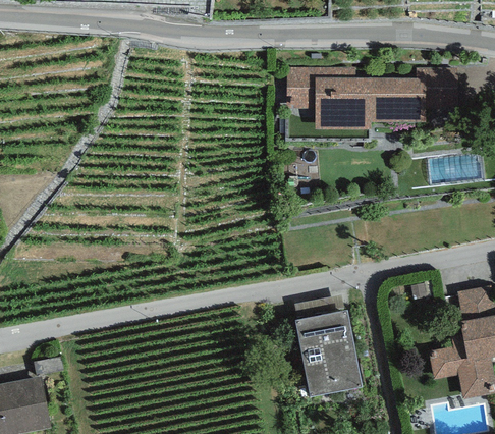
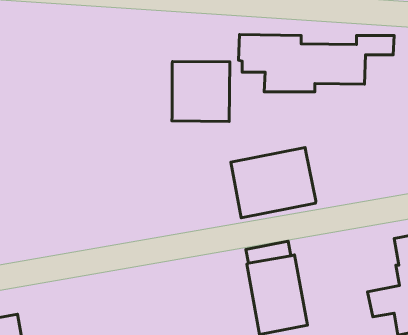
building: none -> [172,61,230,121]
building: none -> [231,147,316,218]

